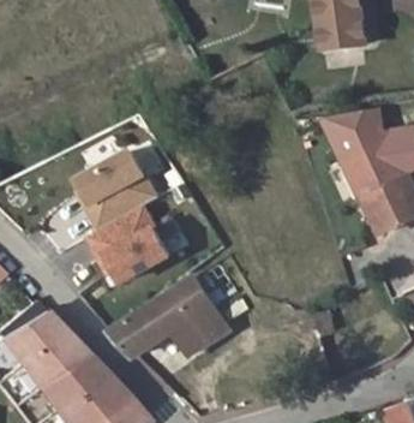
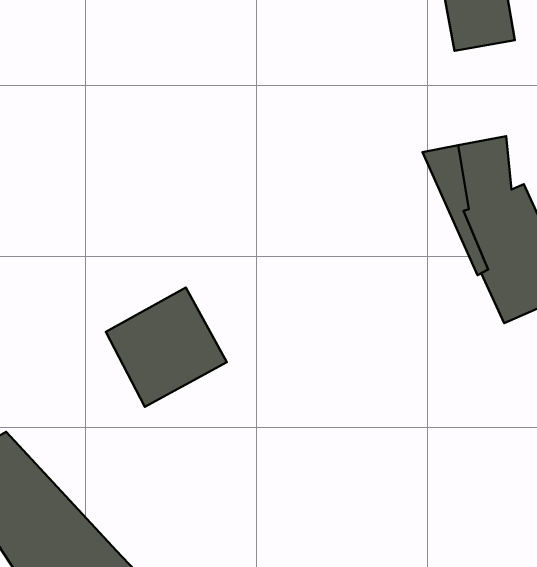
building: [80,149,167,231] -> none
building: [122,278,238,356] -> none

